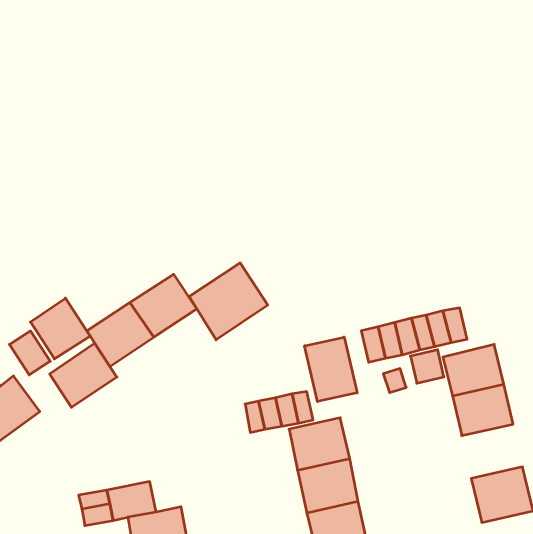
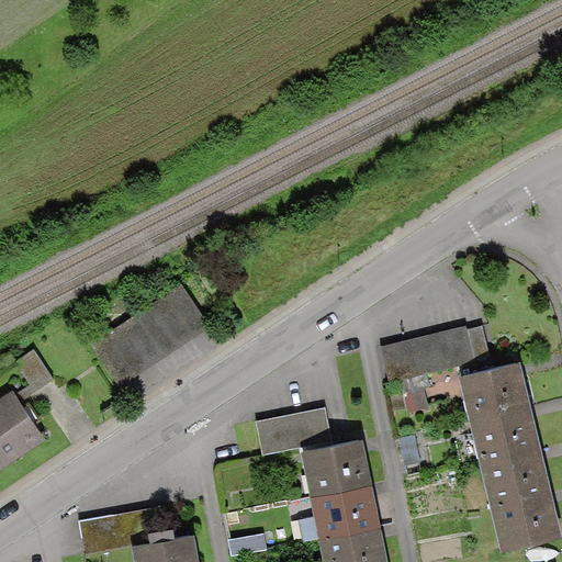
building: [189,263,268,340] -> none
building: [30,298,90,359] -> none
building: [305,337,357,402] -> none
building: [50,343,117,407] -> none
building: none -> [484,446,548,503]

